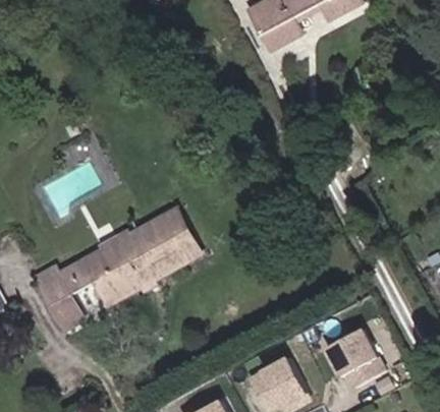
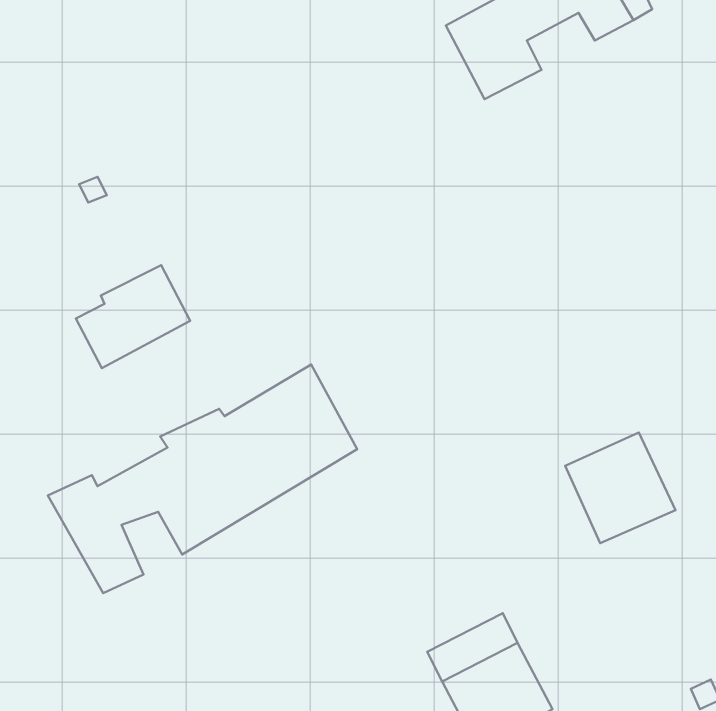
building: none -> [76,265,190,368]
building: [326,328,387,389] -> [565,433,676,543]

